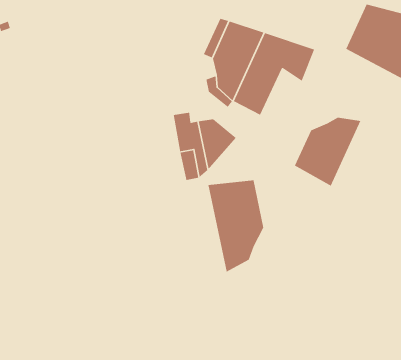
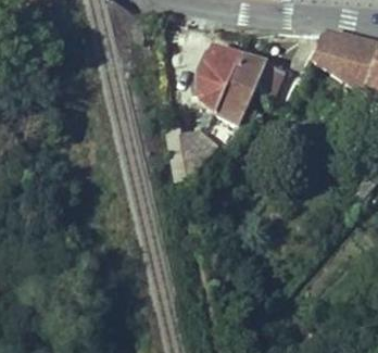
building: [294,117,361,187] -> none
building: [207,179,264,273] -> none

